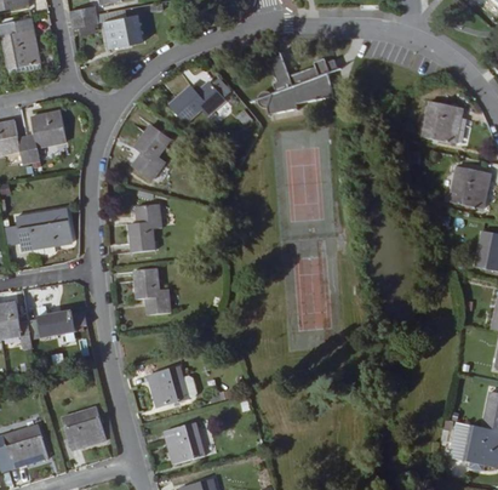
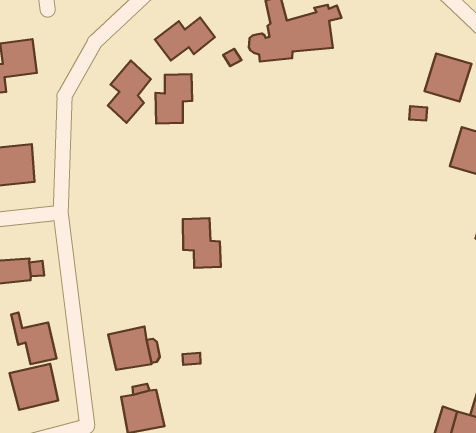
building: [128,206,162,253] -> [155,74,192,124]
building: [133,275,171,321] -> [183,218,221,268]
building: none -> [11,312,56,364]

